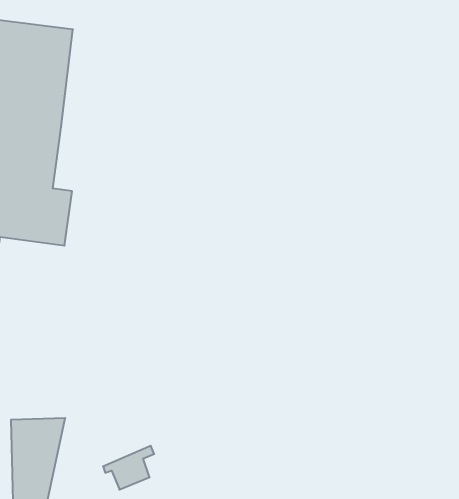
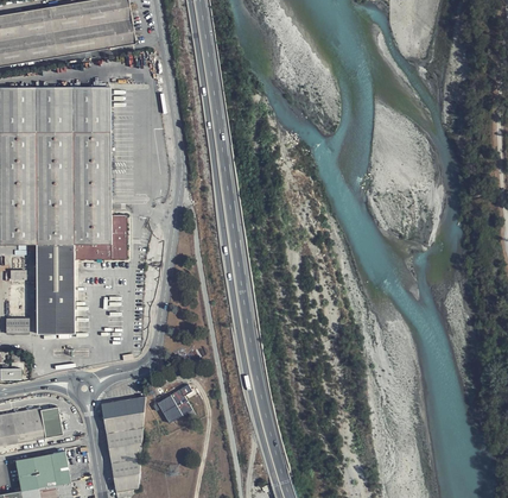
building: [103,446,154,490] -> [152,384,191,422]

